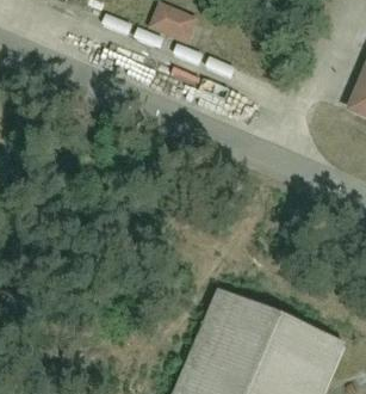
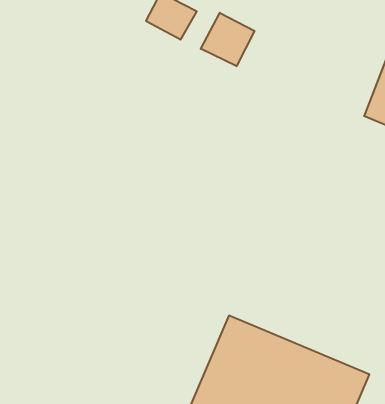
building: none -> [201,13,254,66]

